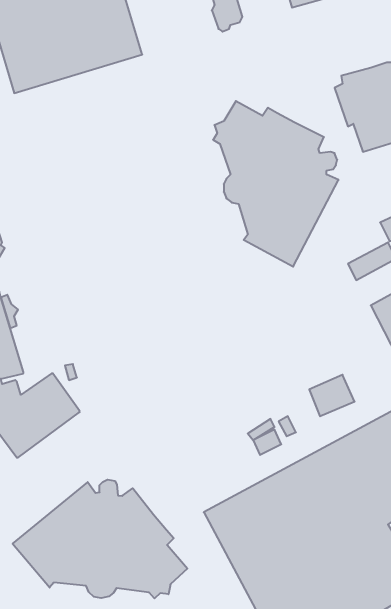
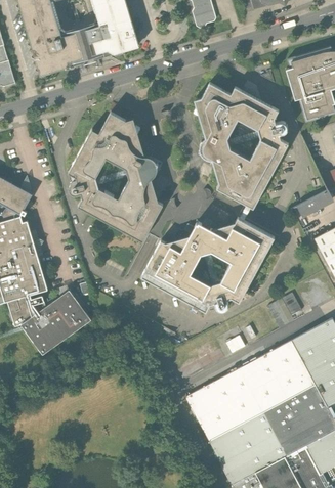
building: none -> [68,113,164,240]
building: none -> [140,219,275,312]
building: [13,480,187,598] -> none

